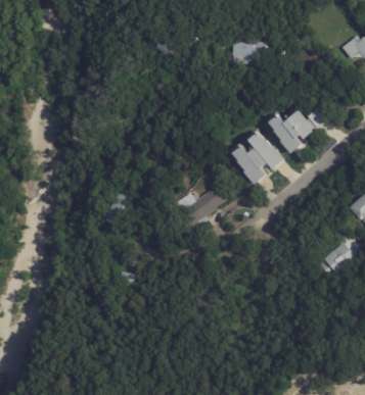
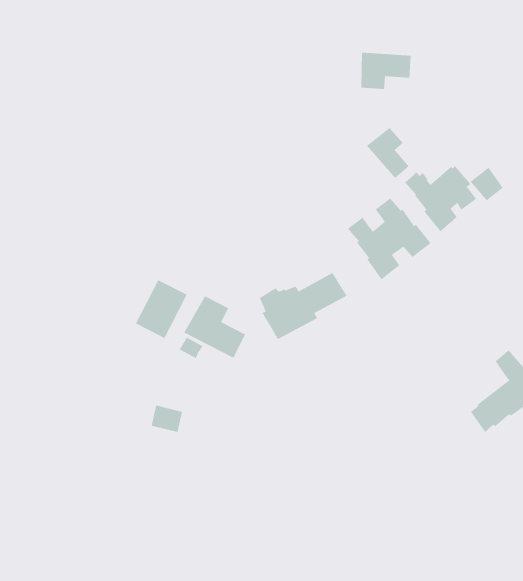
building: none -> [366,127,409,179]
building: none -> [184,296,246,358]

